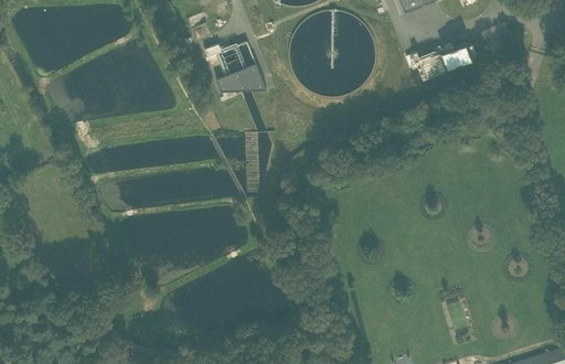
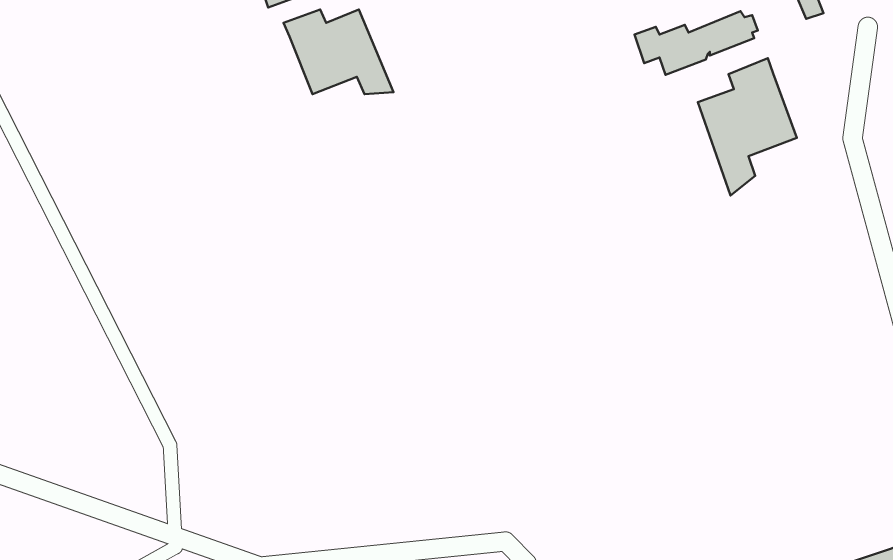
building: none -> [698,58,797,196]

